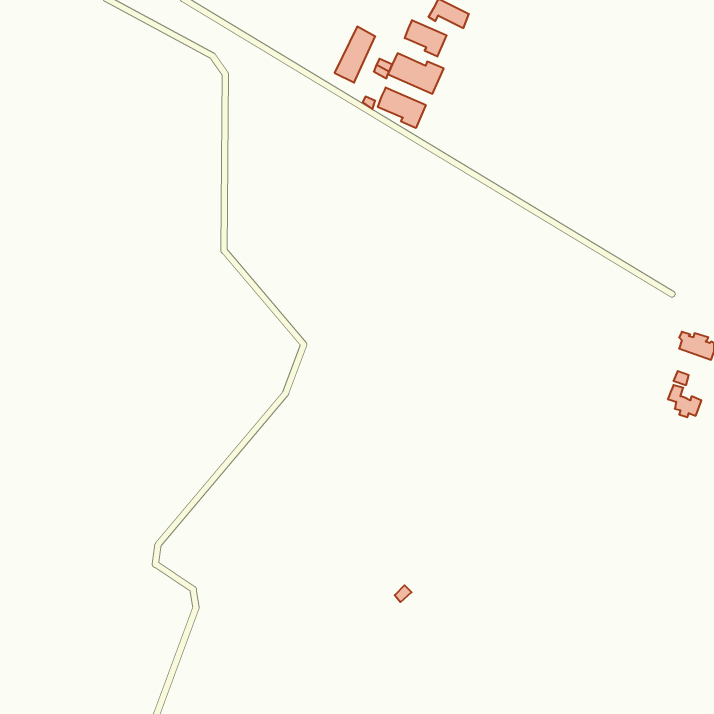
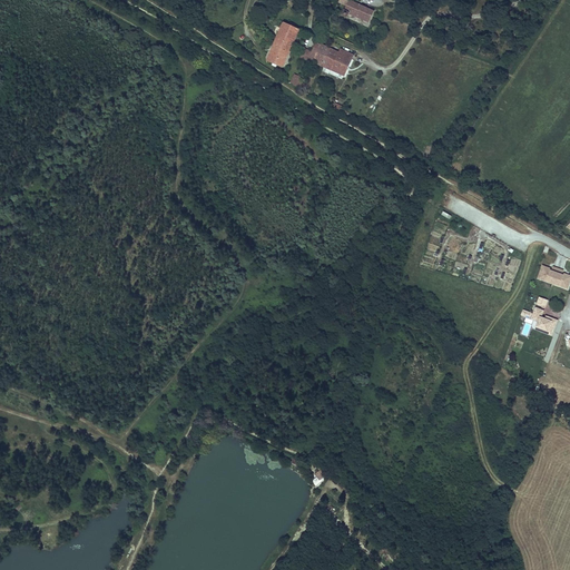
building: [405,20,447,57] -> none
building: [378,87,426,128] -> none

